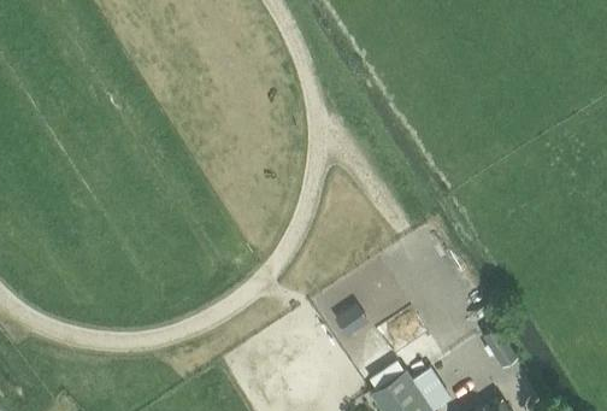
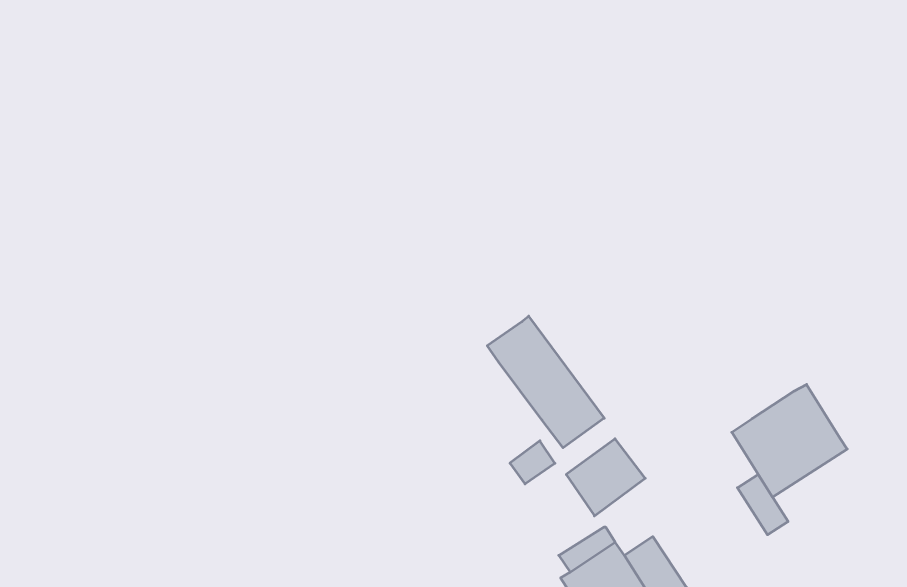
building: none -> [487,316,604,448]
building: none -> [732,384,847,497]

